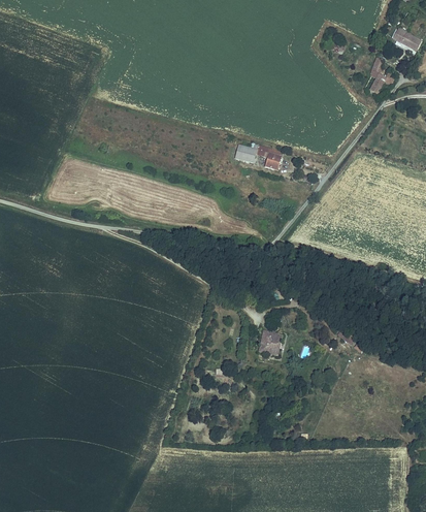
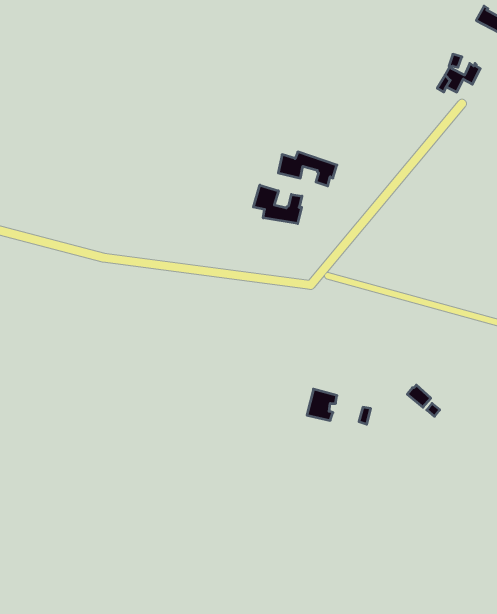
building: none -> [253,185,302,224]

